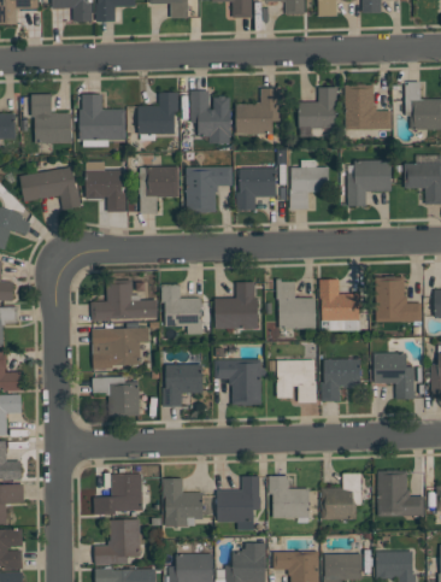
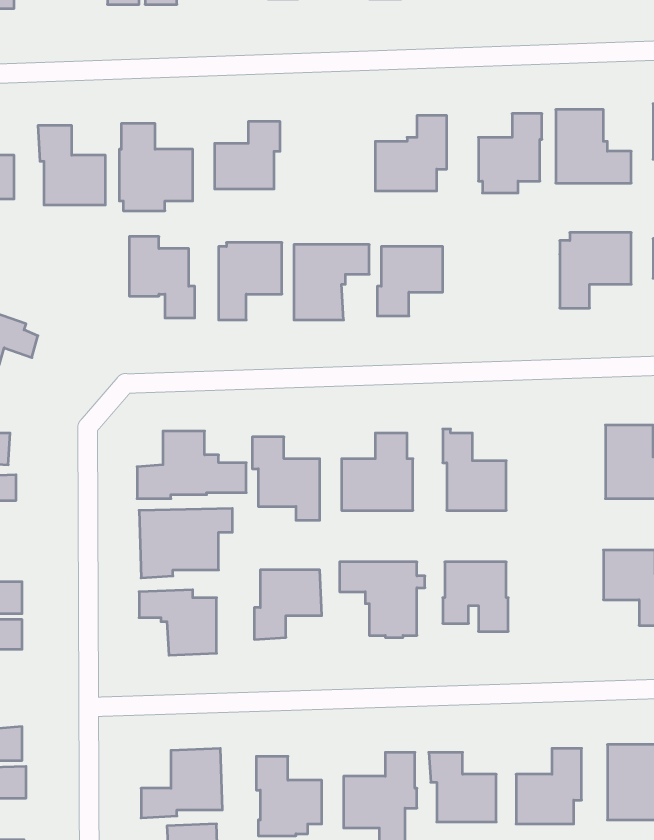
building: [192,89,231,142] -> none
building: [290,159,329,207] -> none
building: [19,166,82,208] -> none
building: [319,278,360,330] -> none
building: [322,358,361,400] -> none

